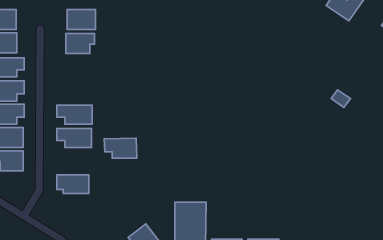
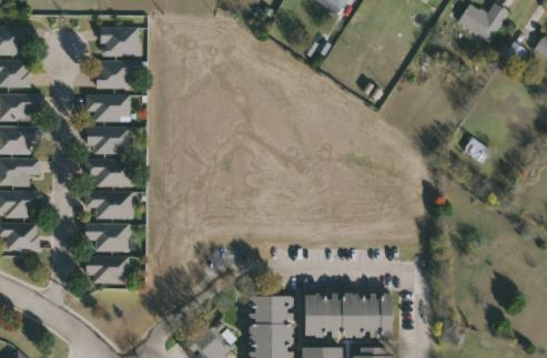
building: none -> [87,96,131,122]
building: none -> [87,129,130,154]
building: [104,138,137,158] -> [84,224,130,252]
building: none -> [302,290,389,336]

